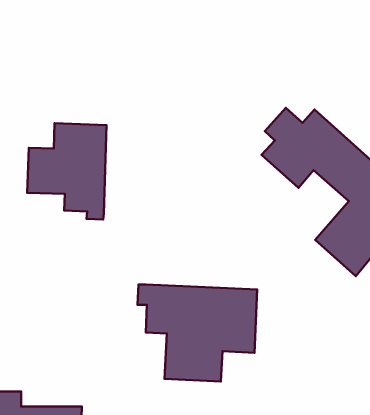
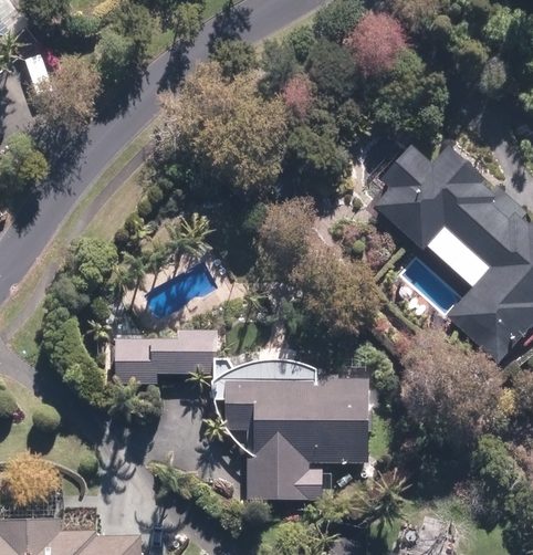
building: [27,123,107,219] -> none
building: none -> [114,334,217,381]

